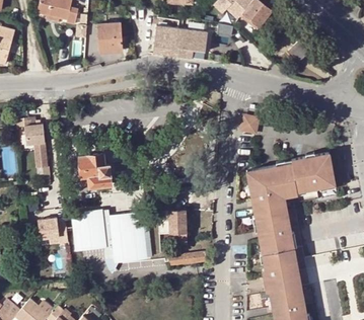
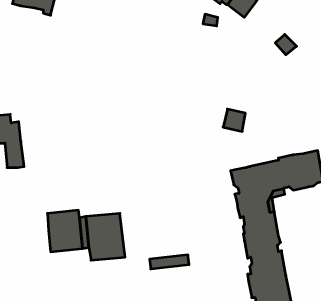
building: [96,22,123,50] -> none
building: [153,25,207,60] -> none
building: [79,154,111,187] -> none
building: [168,211,187,244] -> none
building: [37,218,66,243] -> none

